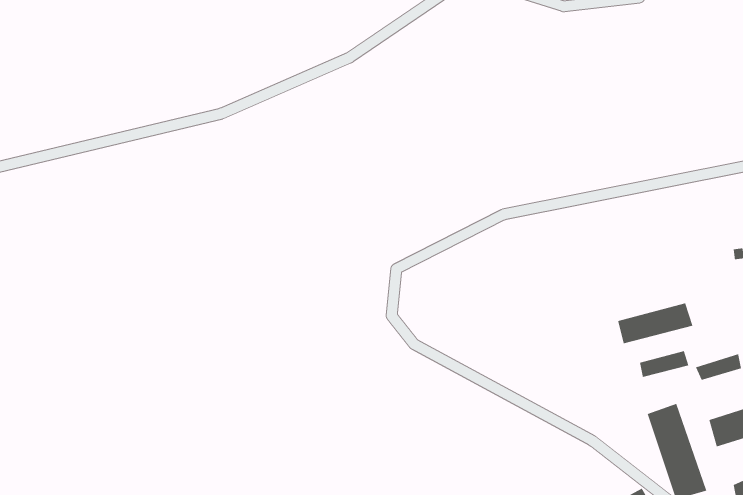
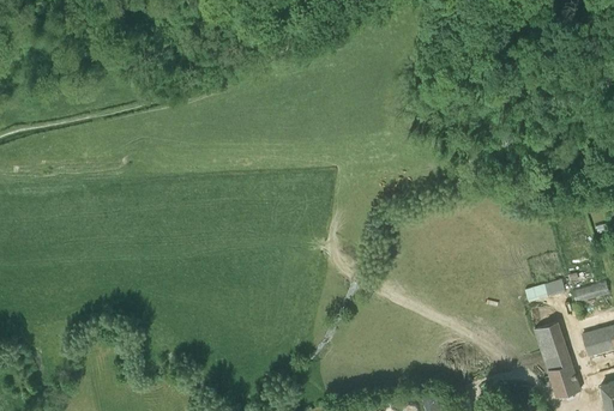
building: [618,302,693,344] -> none

